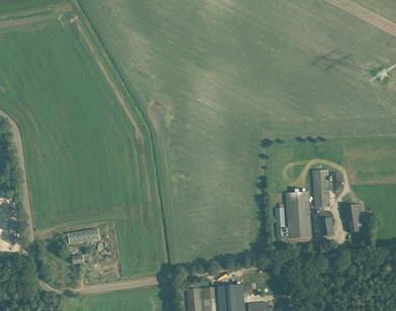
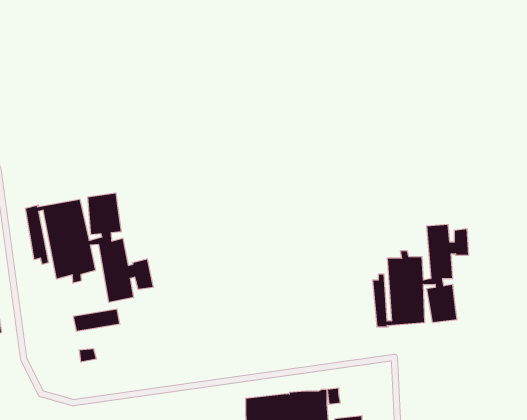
building: none -> [26,193,153,302]
building: [343,204,365,232] -> none

